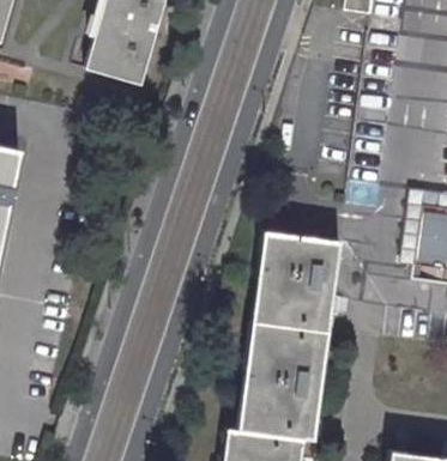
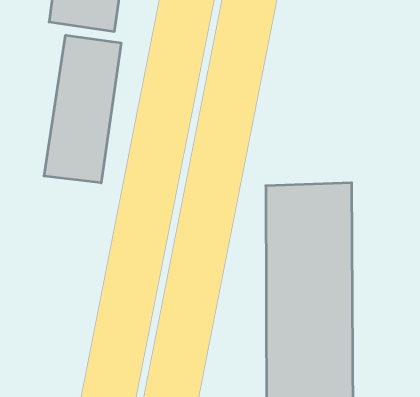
building: none -> [44,35,121,183]

